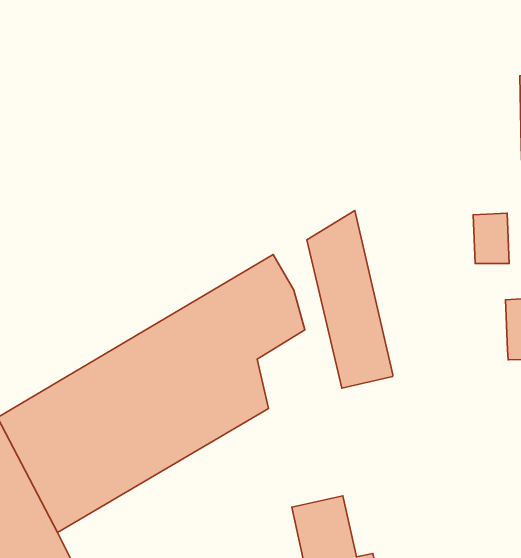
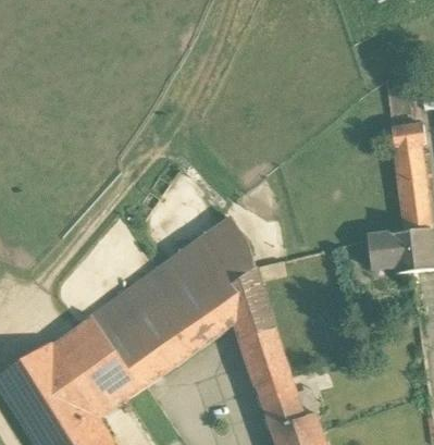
building: [307,210,393,388] -> [225,265,292,386]
building: [473,213,509,263] -> [367,233,394,269]

